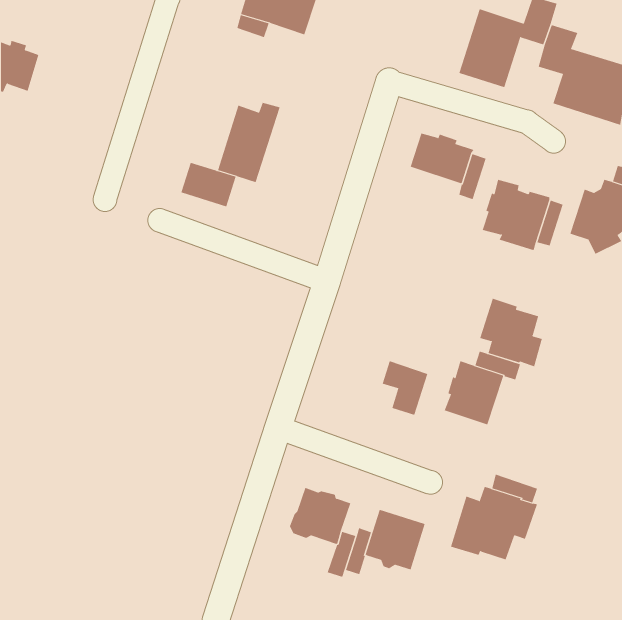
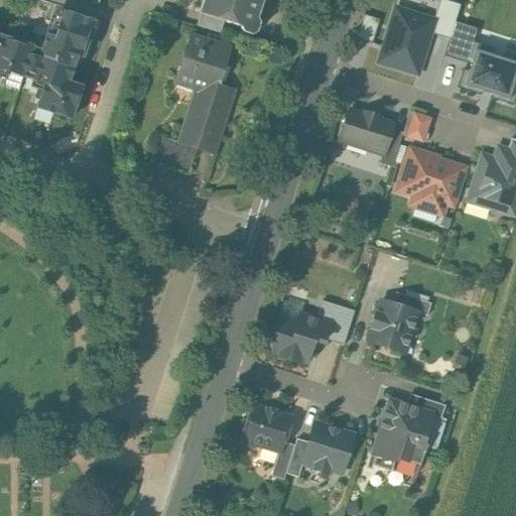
building: none -> [32,10,94,119]
building: none -> [176,34,230,93]
building: none -> [406,108,435,140]
building: [479,298,543,367] -> none
building: none -> [273,312,330,361]

